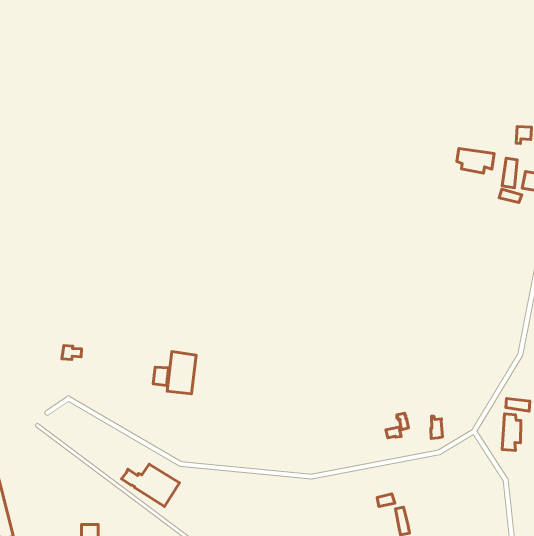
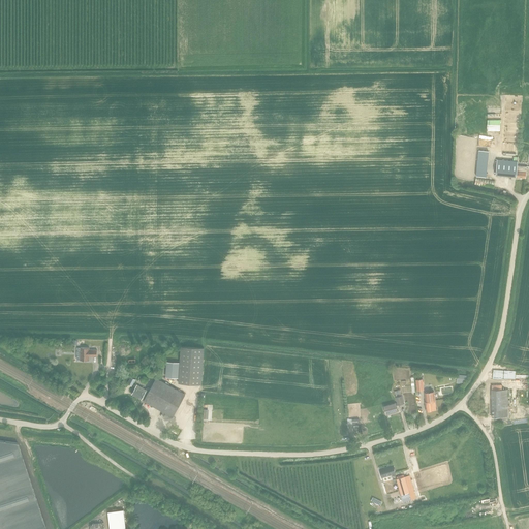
building: [457,148,494,173] -> none
building: [122,464,179,506] -> [130,379,184,417]

